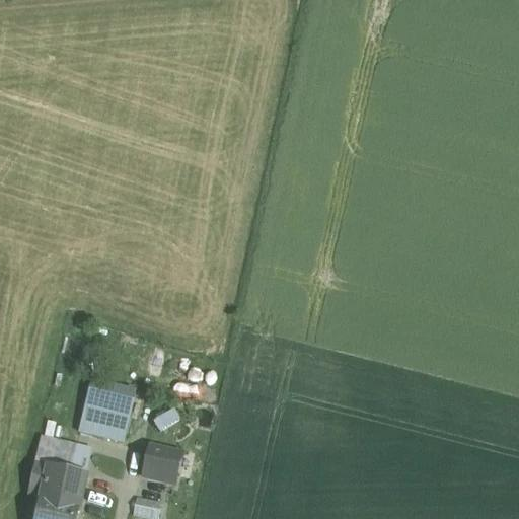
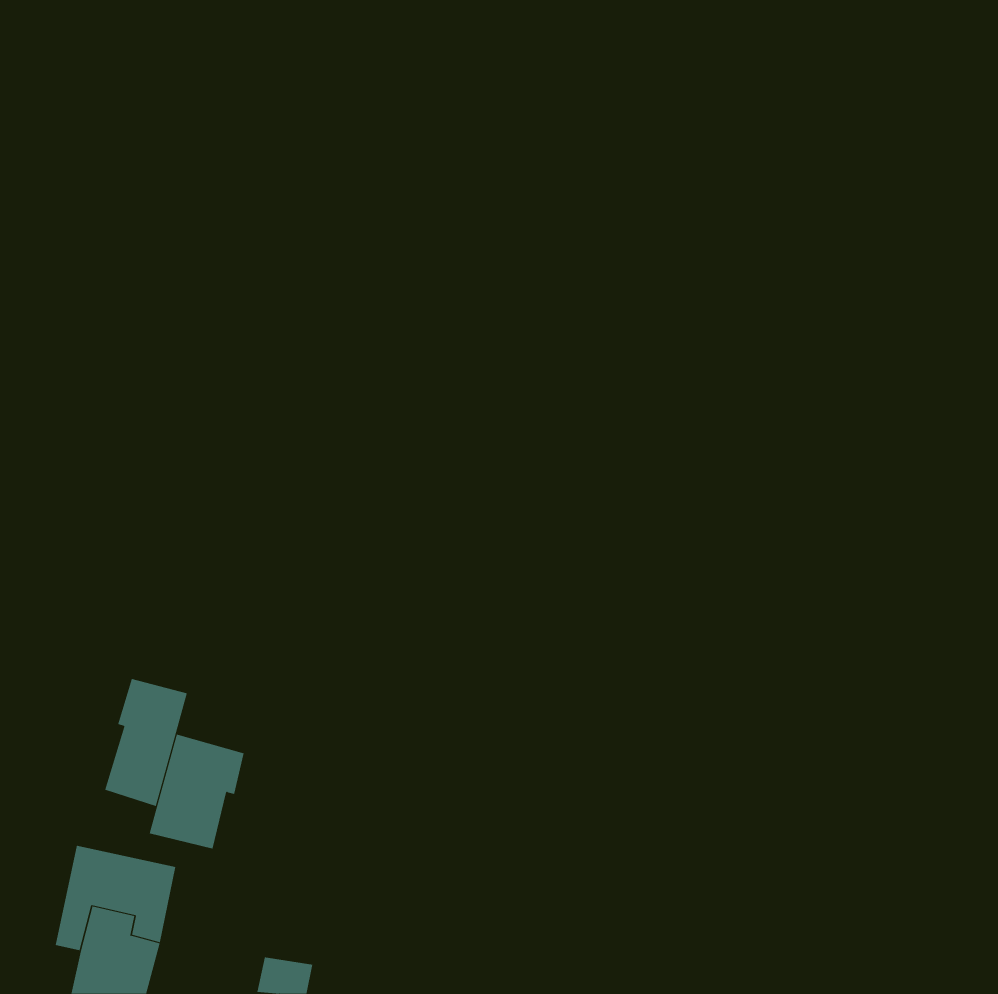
building: none -> [105,678,187,807]
building: [143,442,187,486] -> none

